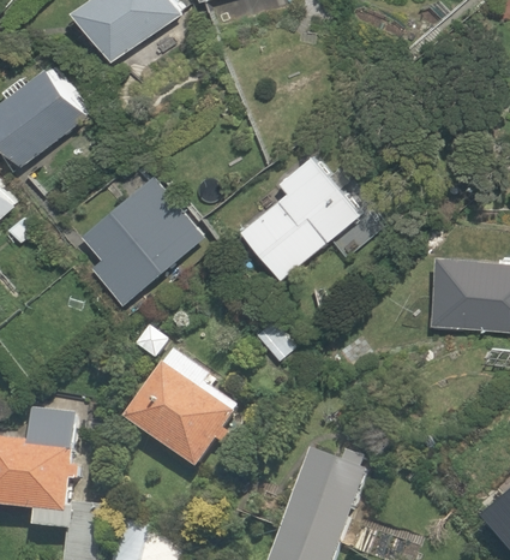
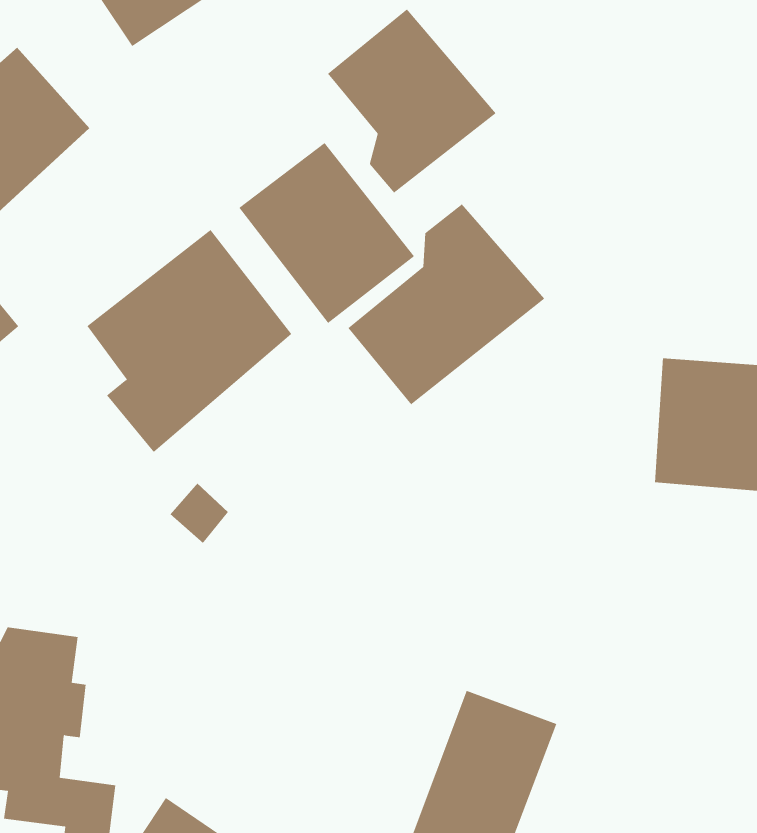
building: none -> [327,8,497,193]
building: none -> [239,142,415,324]
building: [121,351,238,470] -> none

